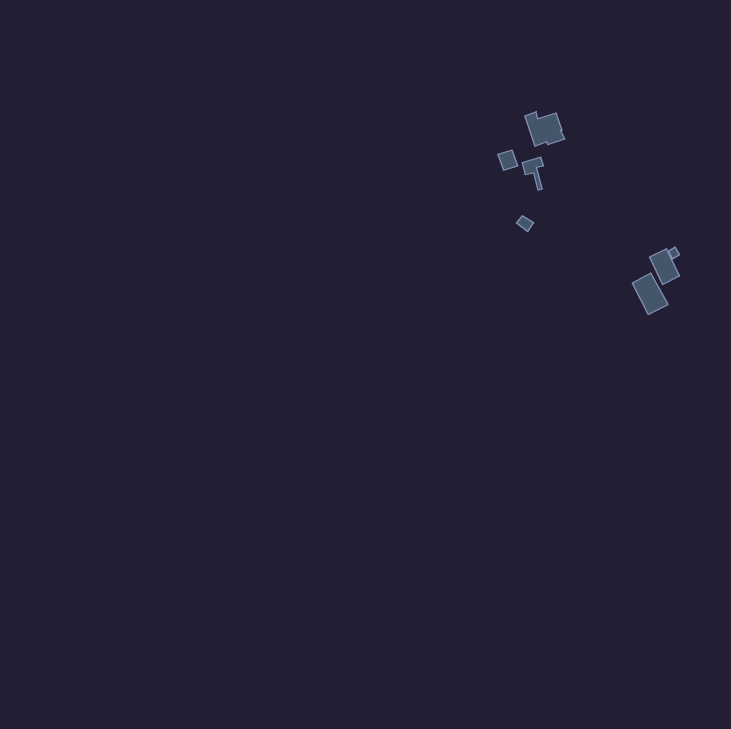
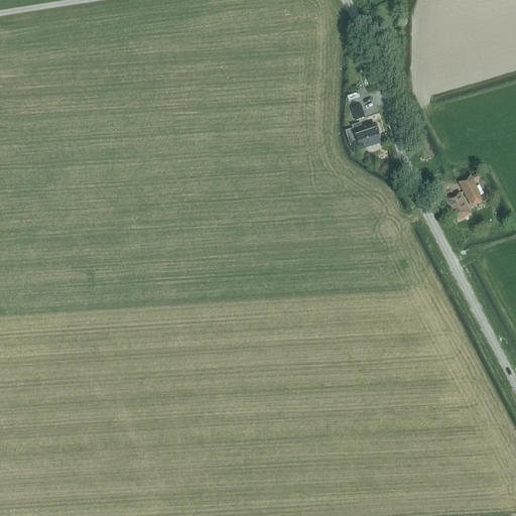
building: [525,112,565,146] -> [352,123,380,147]

